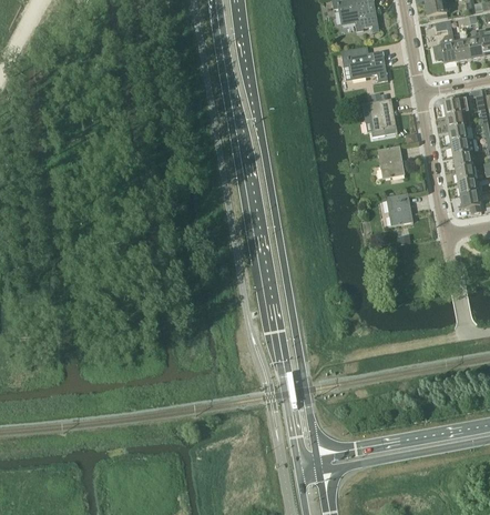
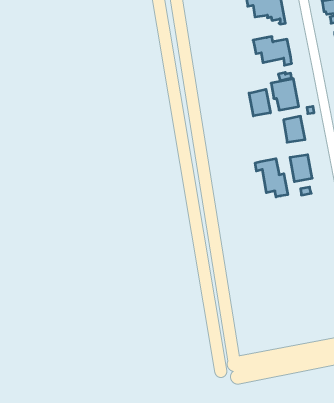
building: none -> [249,89,270,116]
building: none -> [255,159,288,197]

